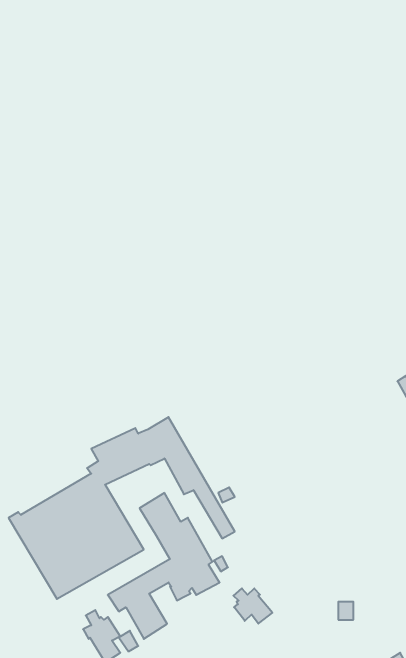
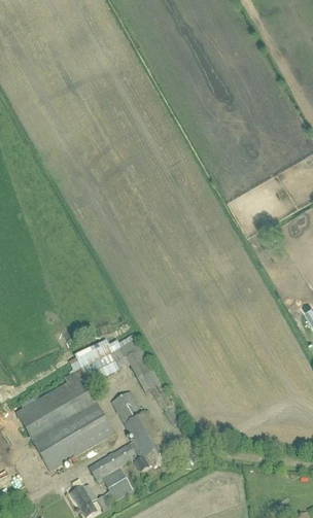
building: [233,588,272,624] -> none

